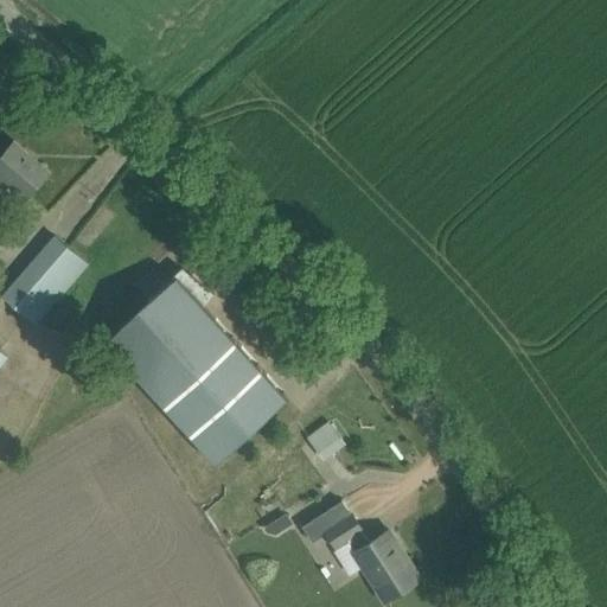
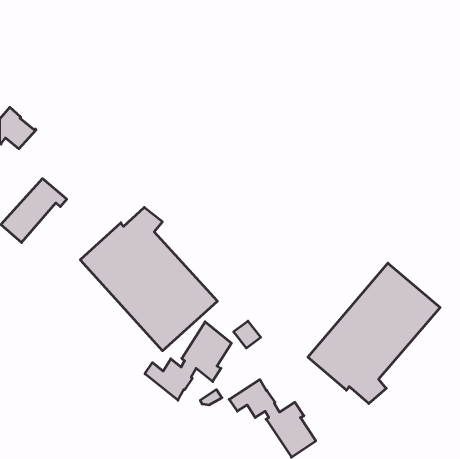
building: none -> [308,263,440,404]
building: none -> [145,322,231,400]

